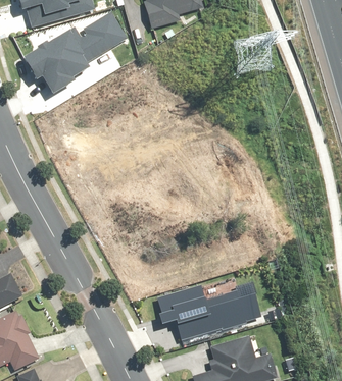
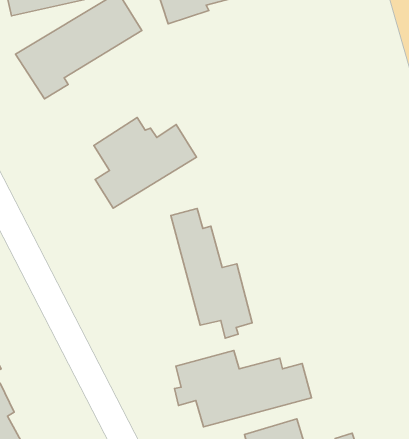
building: none -> [94,118,196,208]
building: none -> [171,209,252,338]

